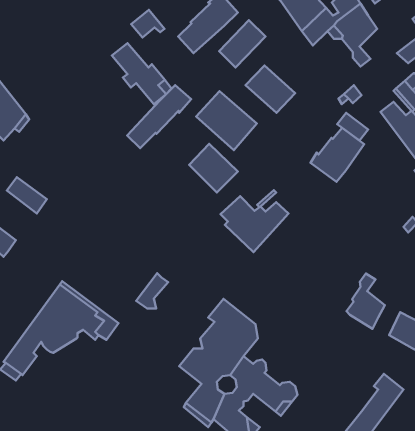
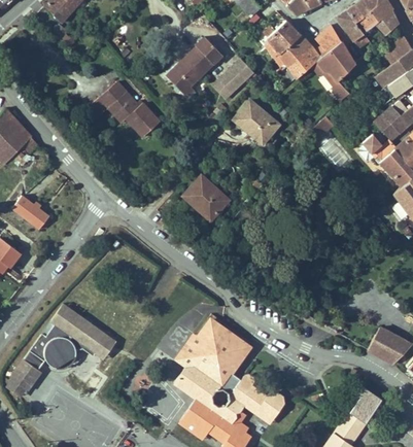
building: [131,10,164,38] -> [94,90,125,115]
building: [127,85,191,148] -> none
building: [196,91,257,150] -> none
building: [310,128,364,182] -> none
building: [221,190,289,252] -> none
building: [136,273,168,309] -> [176,330,206,363]
building: [347,274,385,329] -> none

